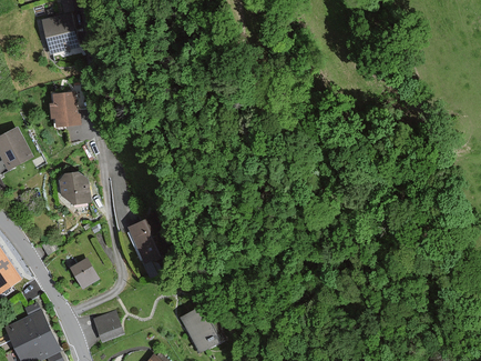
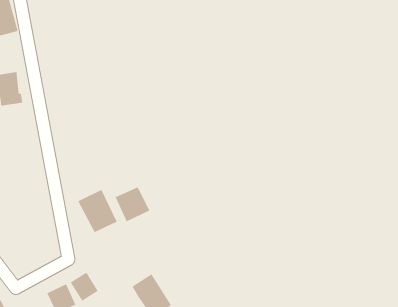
building: [60,172,90,204] -> none
building: none -> [115,186,150,222]
building: [69,259,98,289] -> [70,272,99,301]

